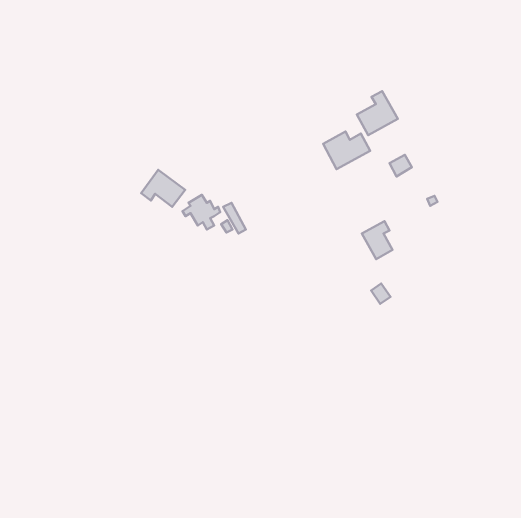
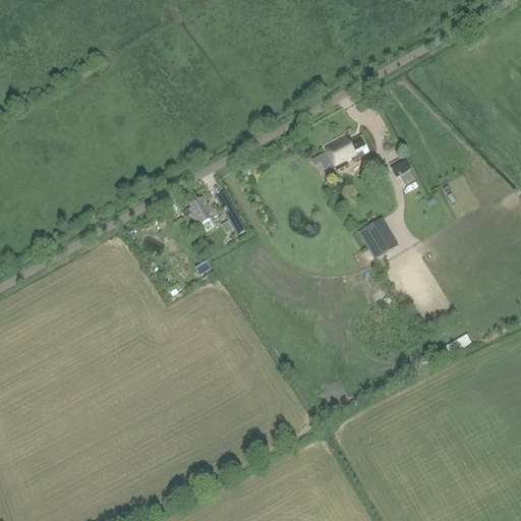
building: [357,91,398,135] -> none
building: [141,170,185,207] -> none

